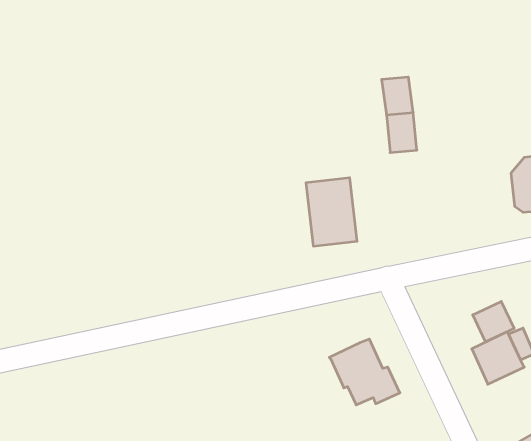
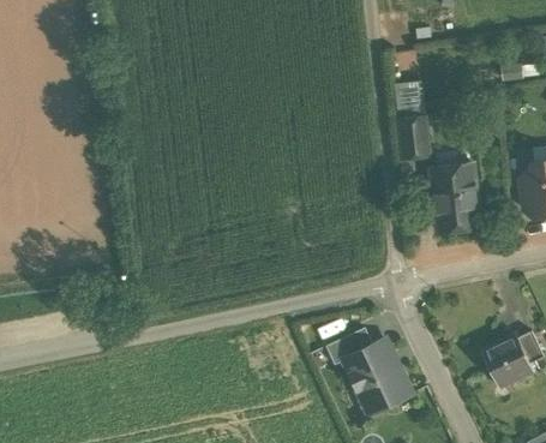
building: [306,178,357,246] -> [431,166,481,233]
building: [473,301,514,342] -> none
building: none -> [326,329,373,366]

